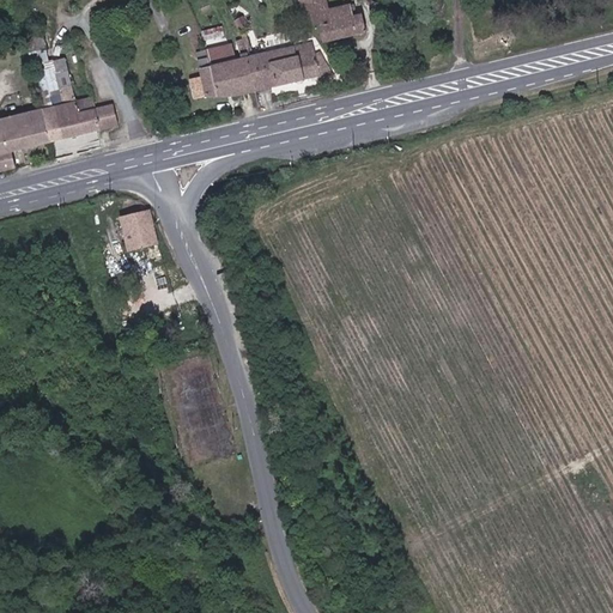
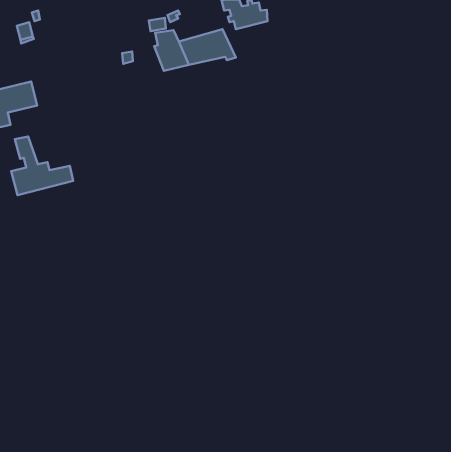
building: [189,62,221,97] -> none
building: [42,63,126,142] -> [11,137,73,195]
building: [119,210,156,249] -> none

